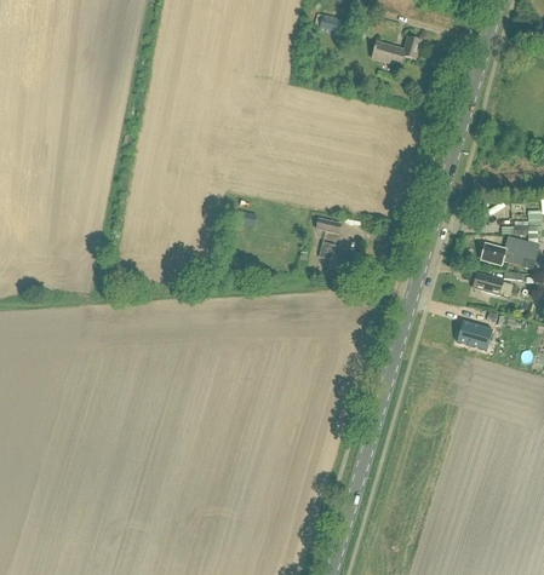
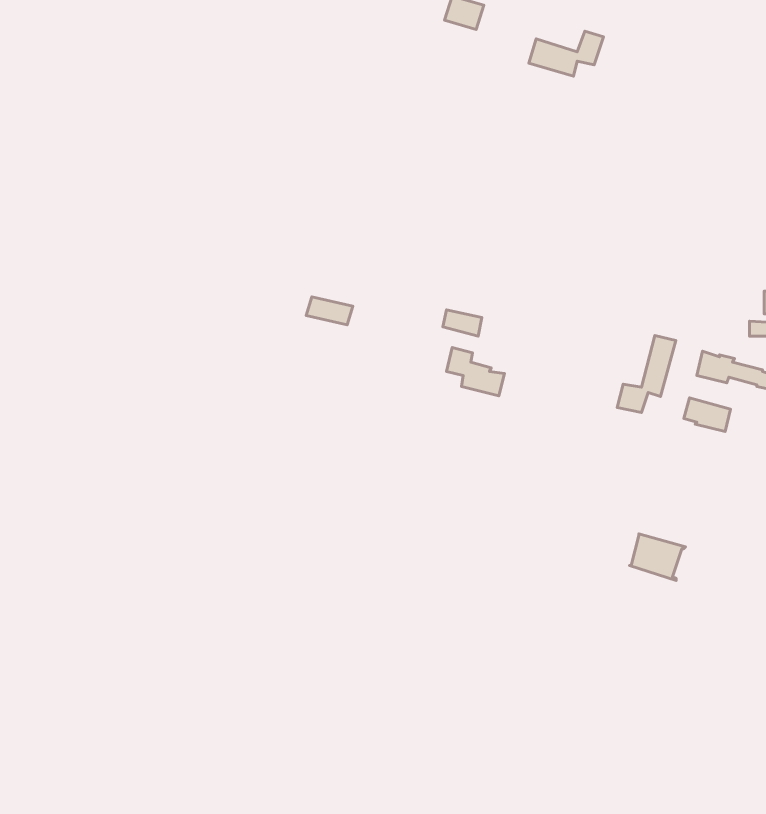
building: none -> [617,335,676,413]
building: [457,318,493,349] -> [629,534,685,581]

